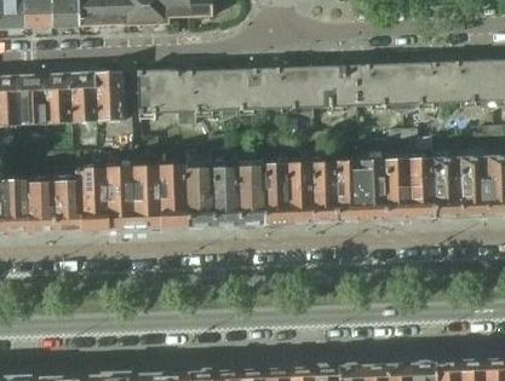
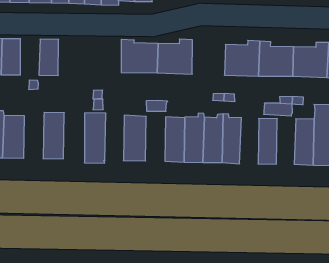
building: [266,63,311,109] -> none
building: [137,70,176,114] -> none
building: [91,73,122,121] -> none
building: [41,75,68,123] -> none
building: [384,160,409,220] -> none
building: [337,162,362,223] -> none
building: [159,166,185,229] -> none
building: [212,167,240,226] -> none
building: [104,168,134,233] -> none
building: [52,175,80,232] -> none

